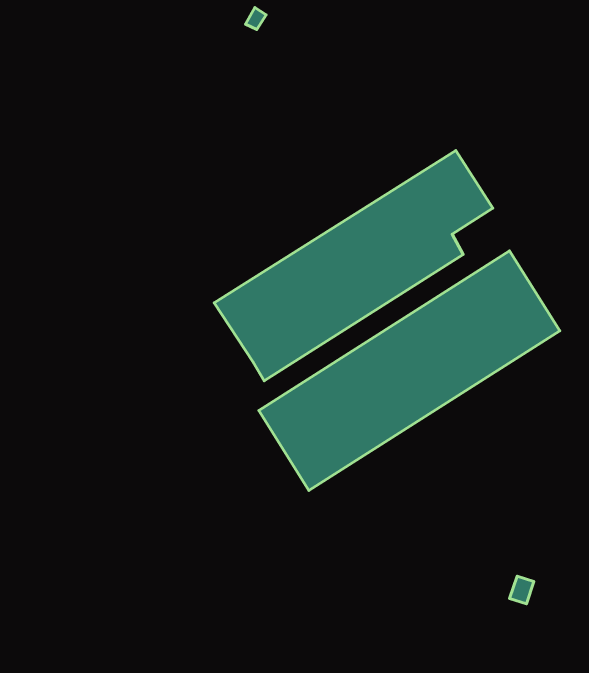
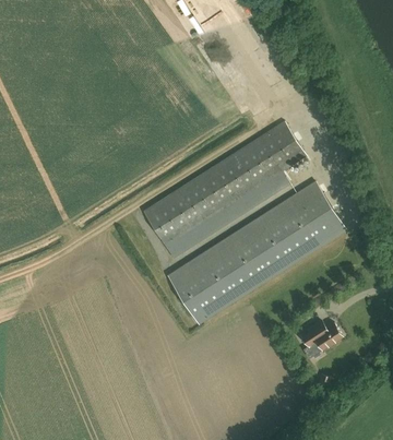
building: none -> [299,320,341,348]

